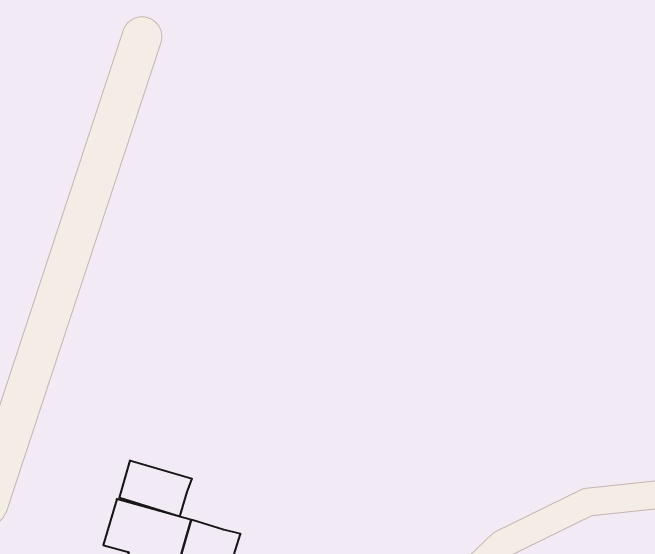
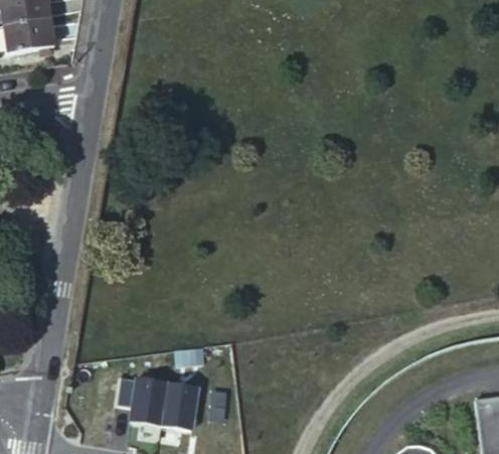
building: [119,460,192,517] -> none

